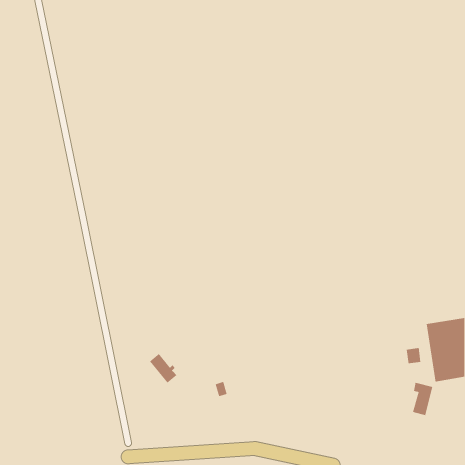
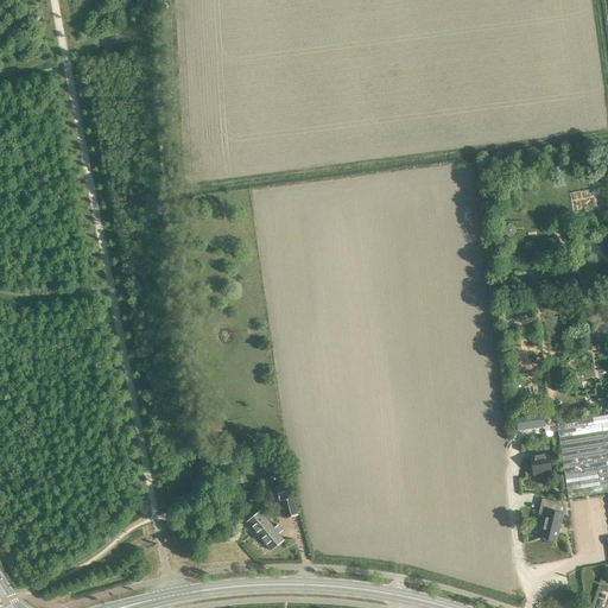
building: [149,353,177,383] -> [246,509,283,549]

